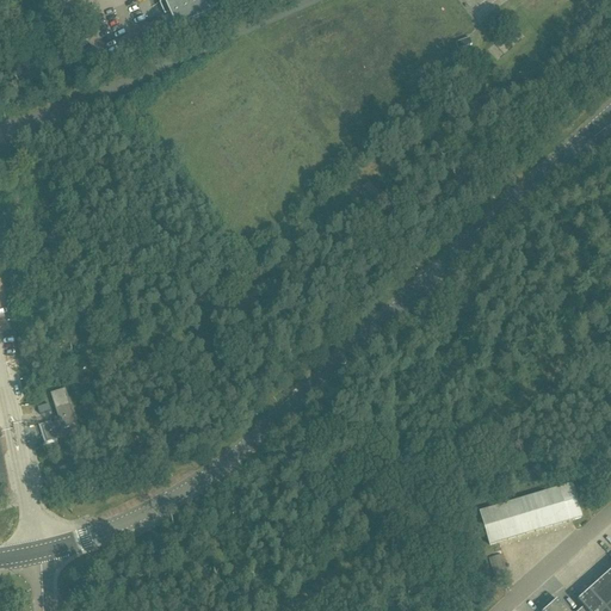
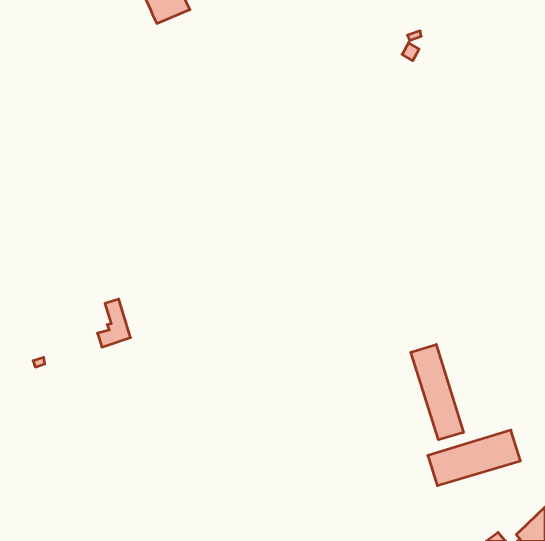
building: none -> [411,344,463,440]
building: [42,385,79,439] -> [97,299,131,347]

